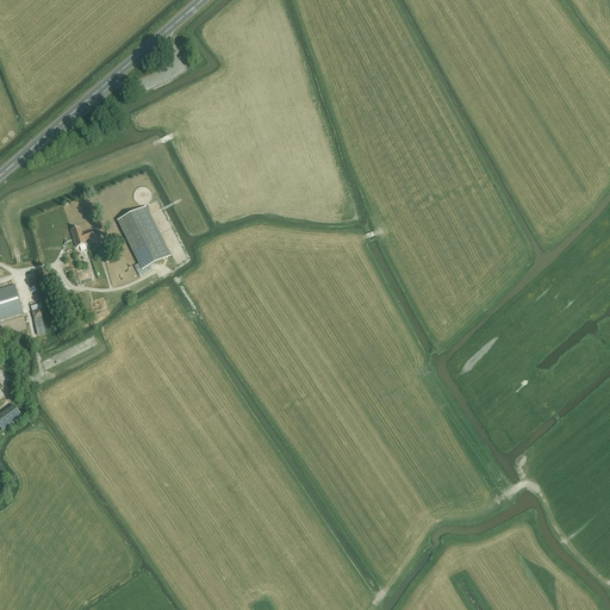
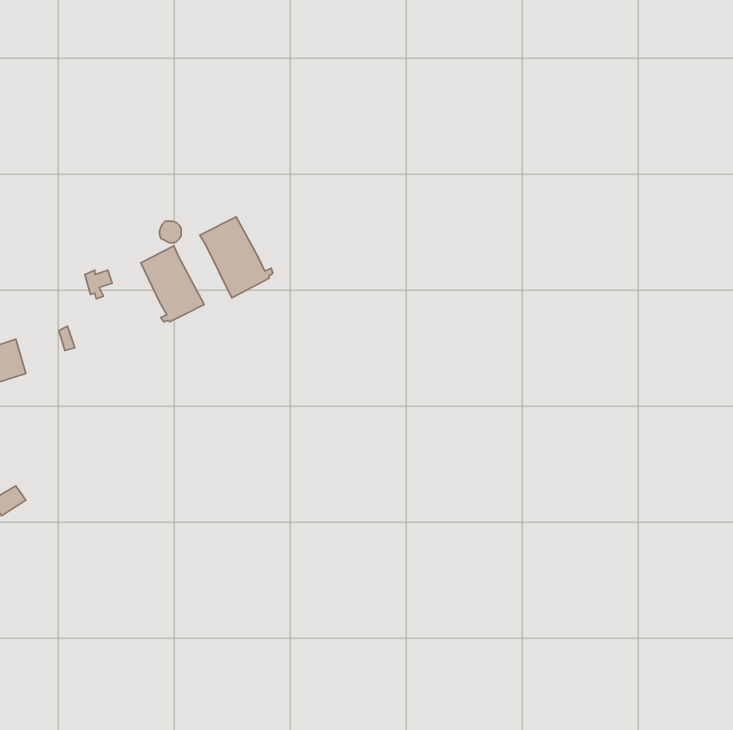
building: none -> [200,217,273,298]

